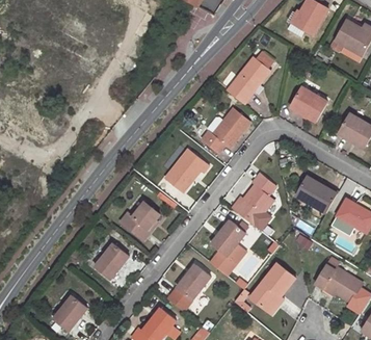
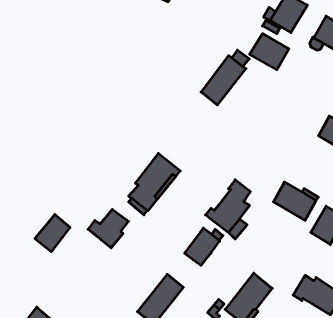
building: [290,87,327,122] -> [250,34,289,70]
building: [202,109,249,153] -> none
building: [95,244,128,280] -> [35,214,70,252]
building: [211,244,246,276] -> none

